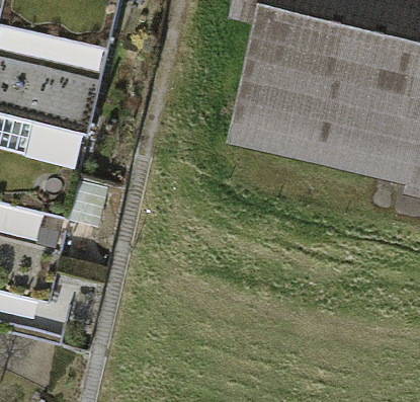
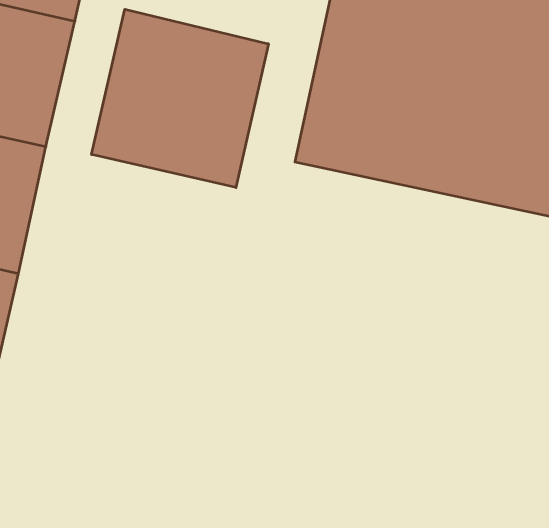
building: none -> [92,9,268,188]

